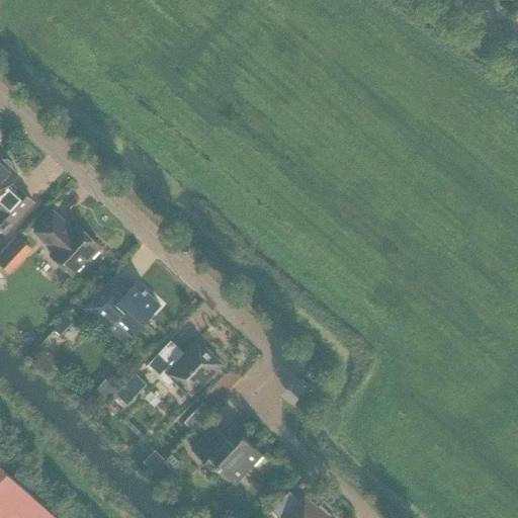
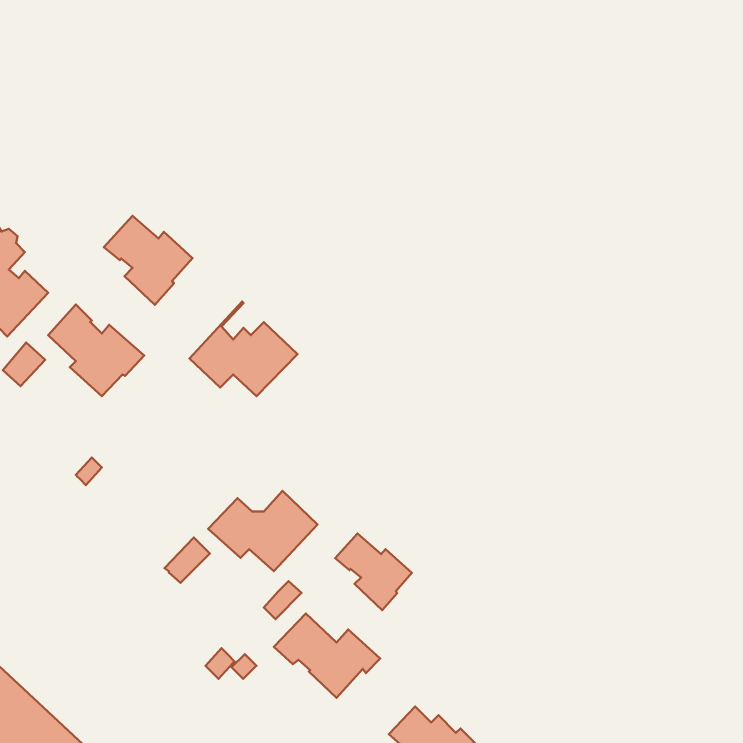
building: none -> [104,216,193,305]
building: [84,270,159,336] -> [190,302,297,396]
building: none -> [335,534,412,610]

